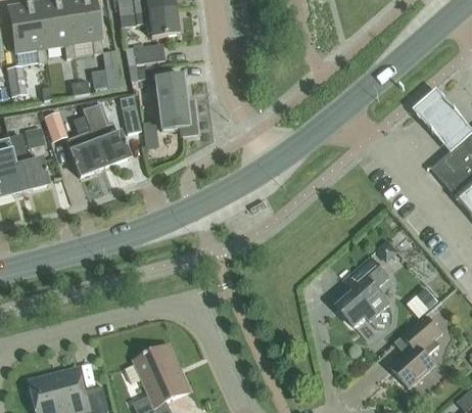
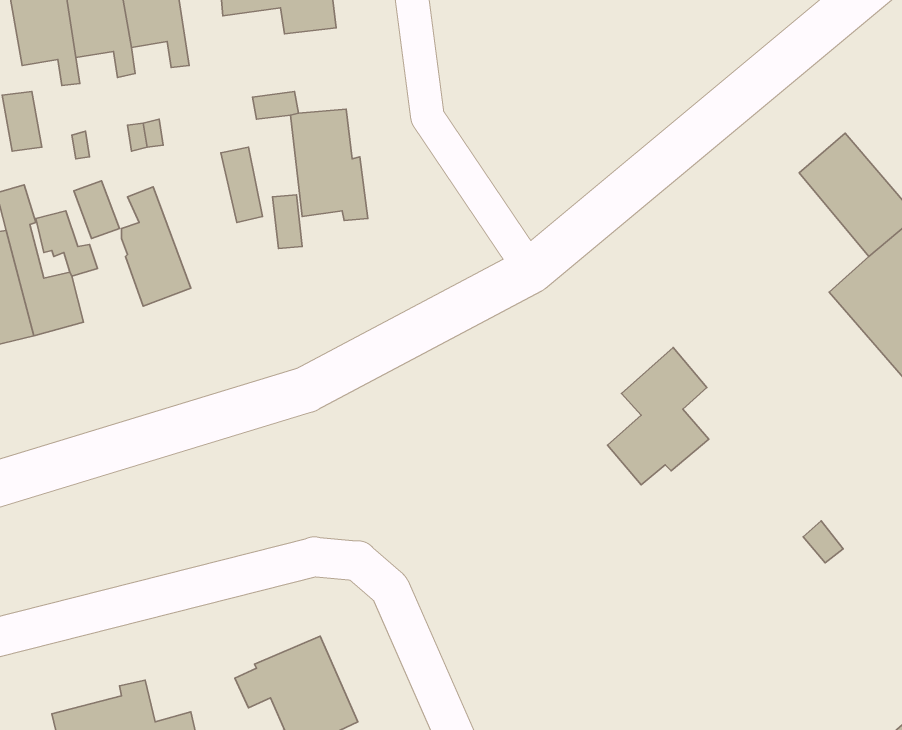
building: [132,42,163,63] -> none
building: [94,47,124,89] -> none
building: [81,102,129,167] -> none
building: [337,256,389,326] -> [607,348,709,485]
building: [392,314,442,386] -> none

